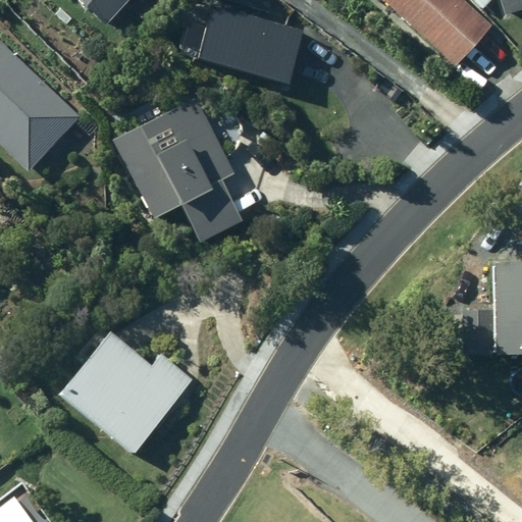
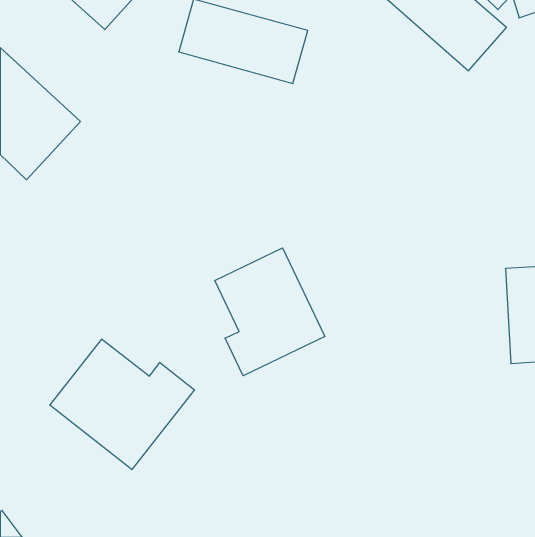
building: [114,101,242,246] -> none
building: none -> [215,248,325,376]

